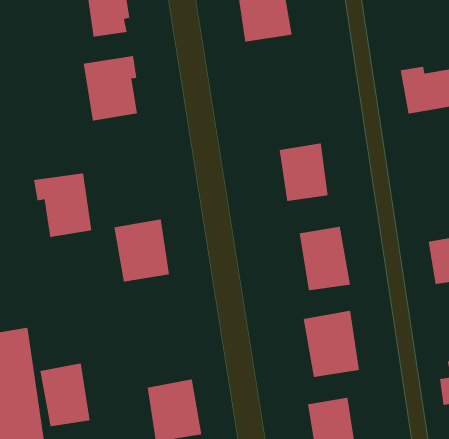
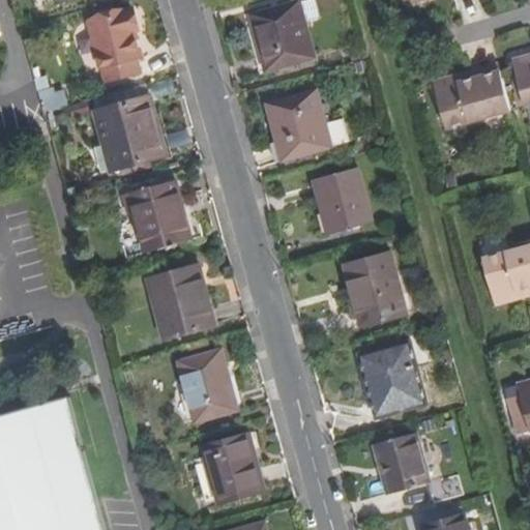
building: none -> [266,90,330,158]
building: [33,173,92,238] -> [121,180,189,253]
building: [39,363,91,427] -> [177,349,237,420]

